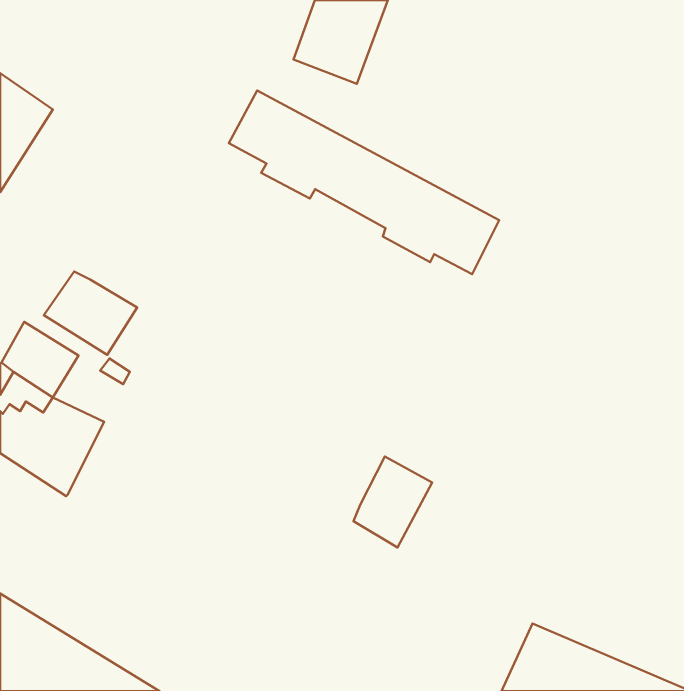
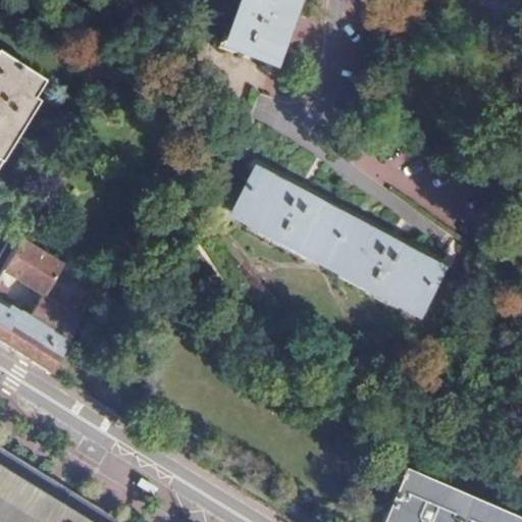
building: [229,90,499,274] -> [238,170,441,309]
building: [44,271,137,355] -> none
building: [353,457,432,547] -> none

